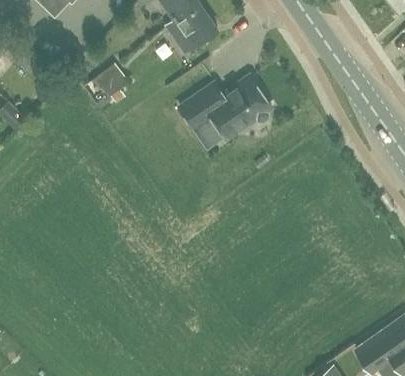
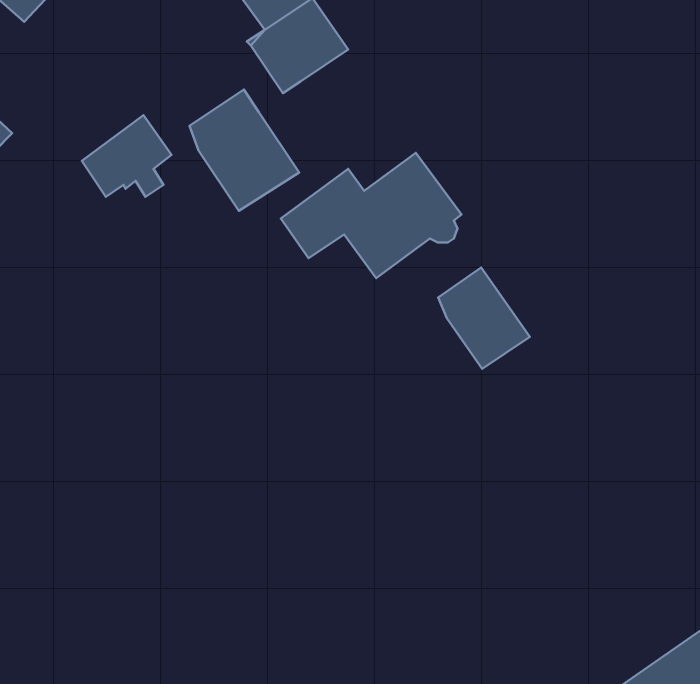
building: none -> [190,90,299,211]
building: none -> [438,267,530,369]

